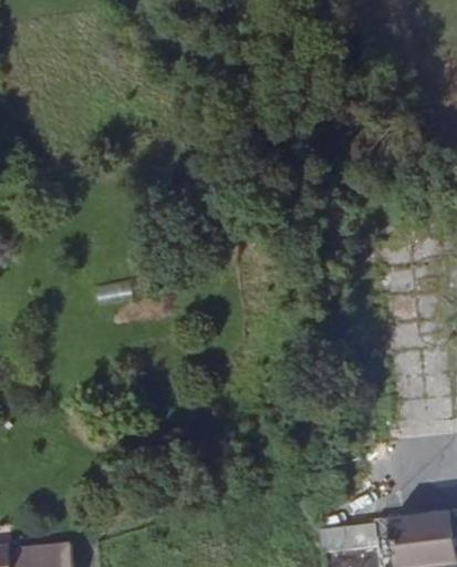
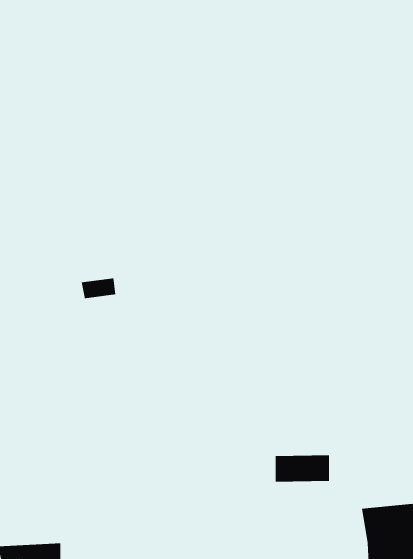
building: [318,527,373,555] -> [275,455,330,482]

